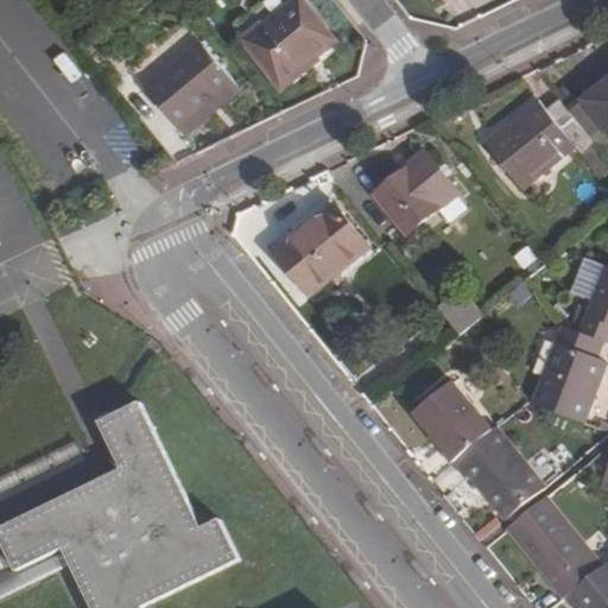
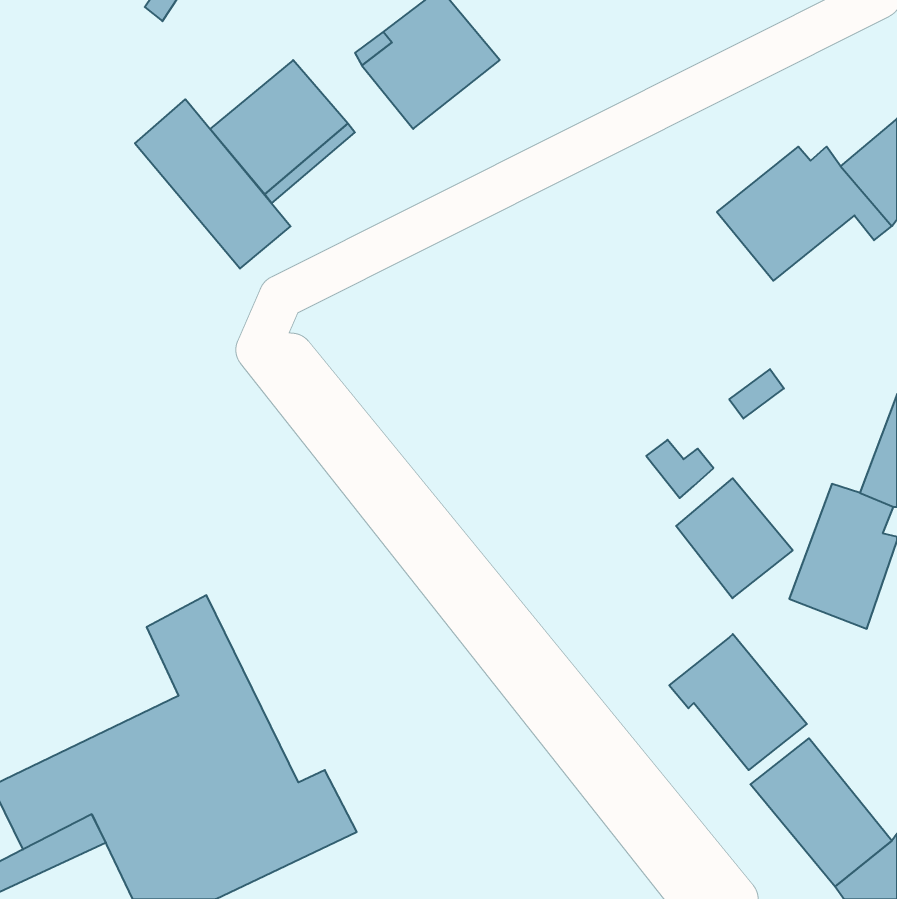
building: none -> [135,99,291,269]
building: [372,151,458,235] -> none
building: [273,204,367,294] -> none
building: [412,380,490,461] -> [676,478,793,598]

